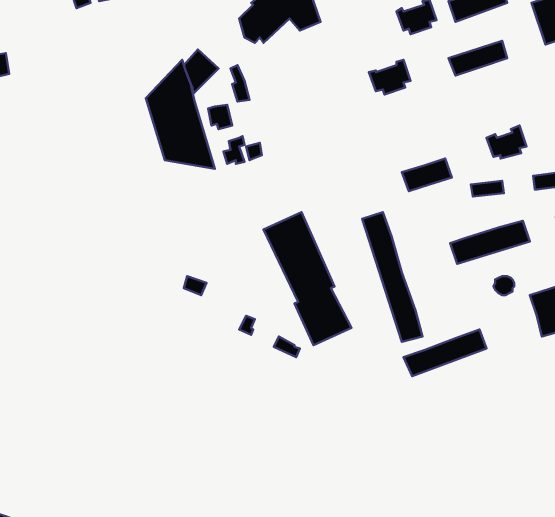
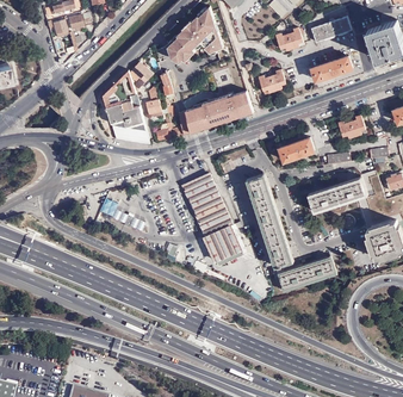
building: none -> [184,92,253,132]

